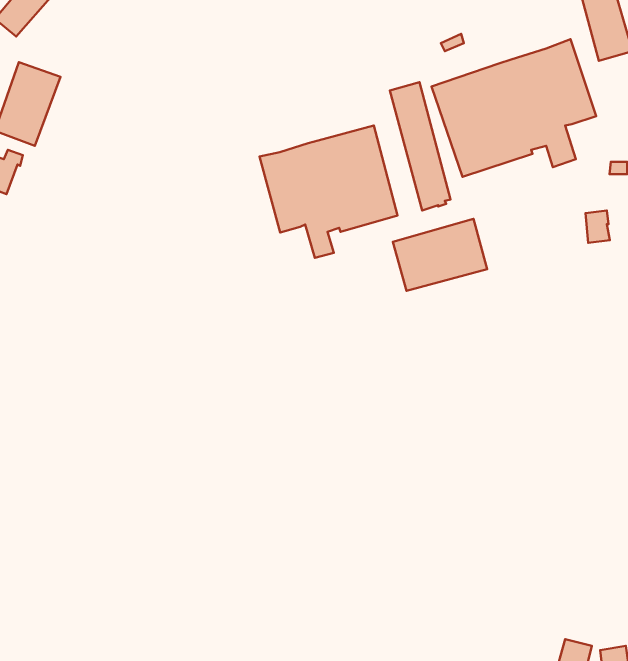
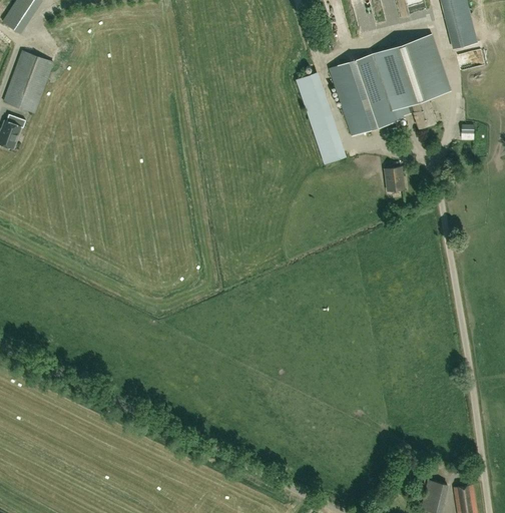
building: [259,126,398,258] -> none
building: [585,211,610,243] -> [384,167,402,191]
building: [393,219,487,291] -> none

